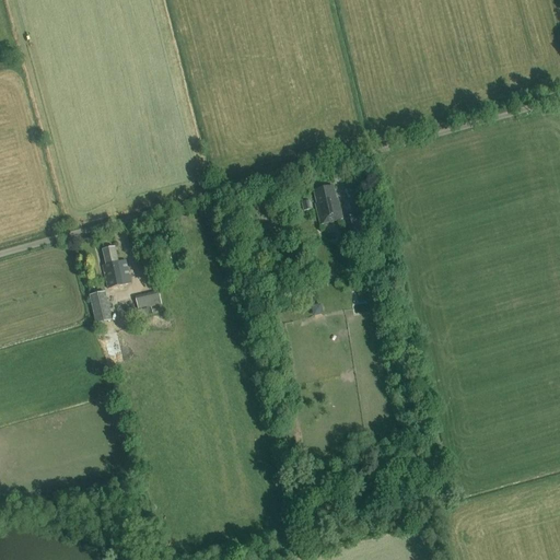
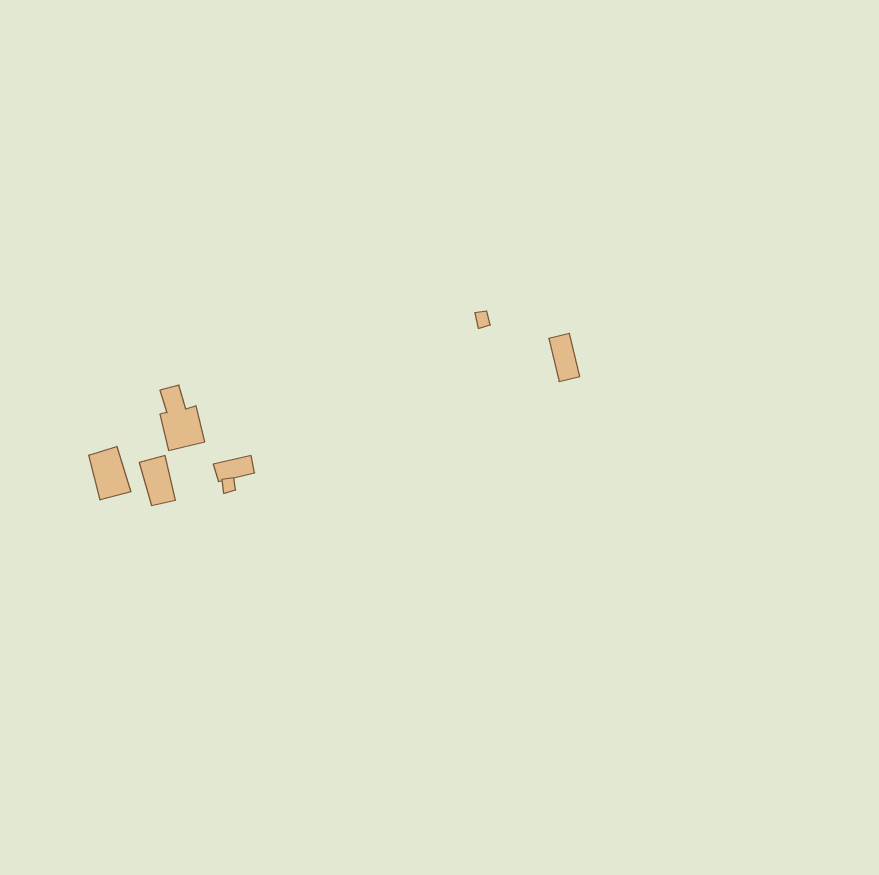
building: [313,184,342,223] -> none
building: none -> [89,446,131,500]

